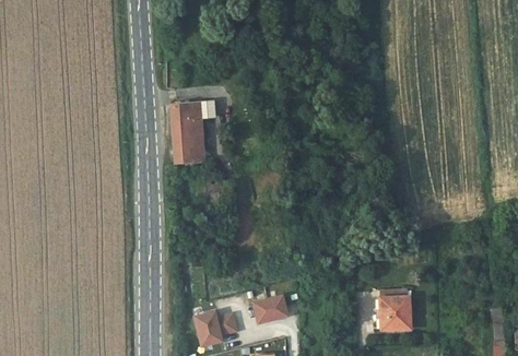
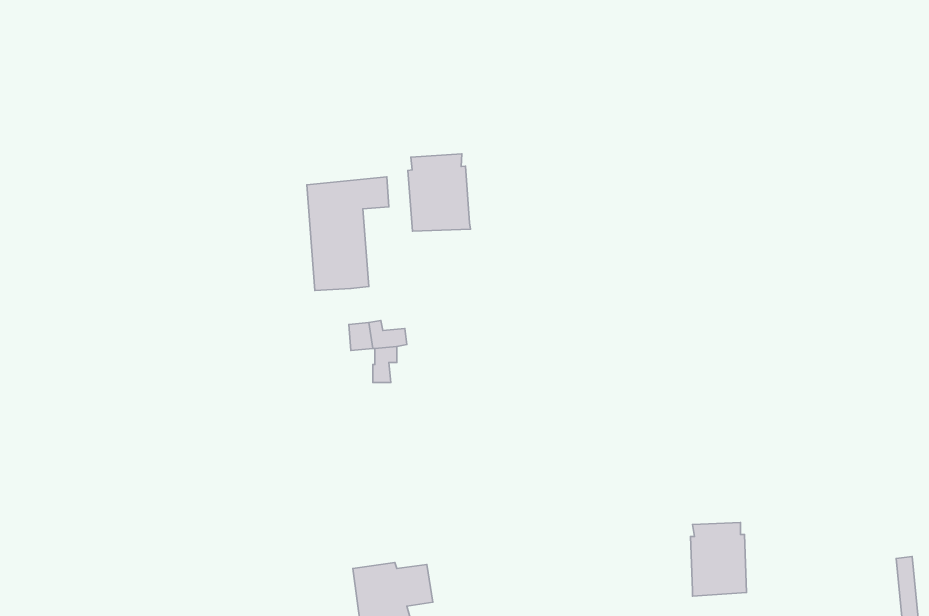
building: none -> [408,154,470,231]
building: [252,294,291,325] -> none

